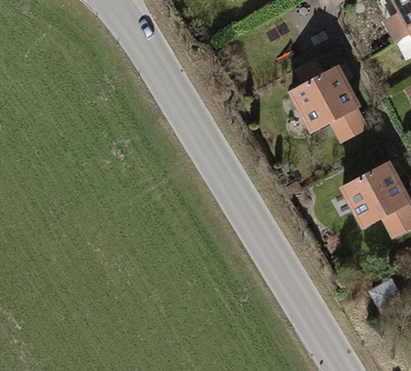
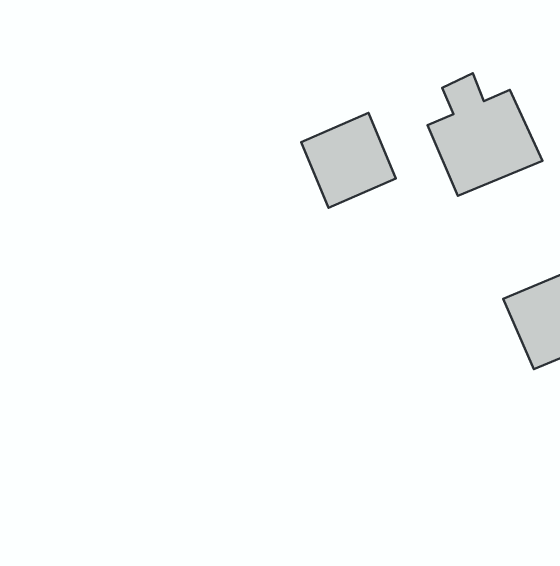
building: none -> [301,113,396,208]

